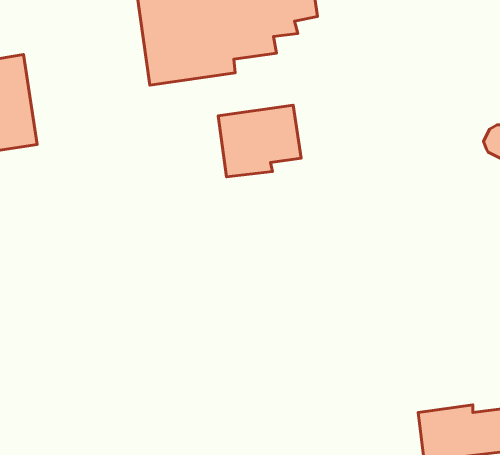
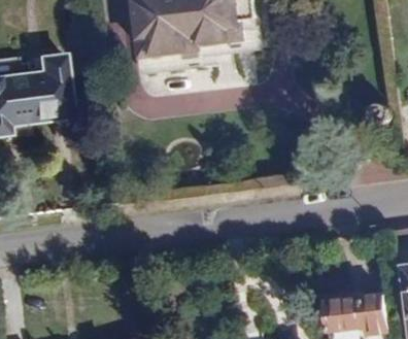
building: [218,105,301,177] -> none

